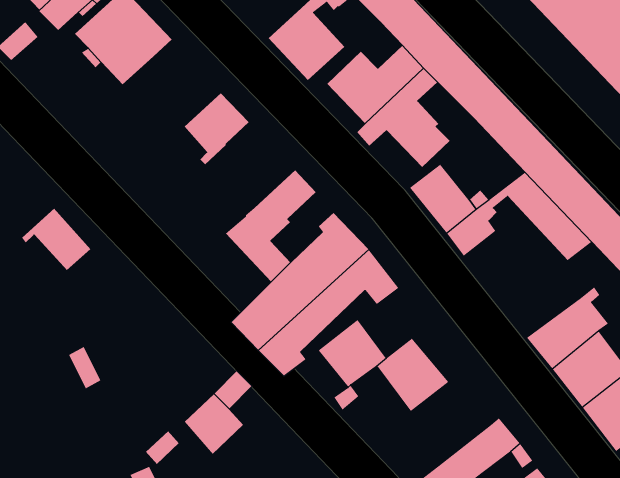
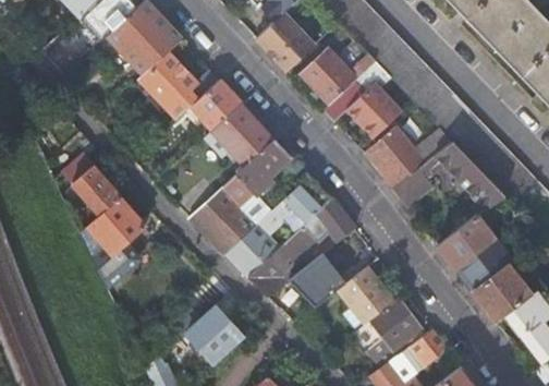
building: none -> [141,52,220,118]
building: none -> [205,102,277,174]
building: none -> [191,188,258,255]
building: none -> [89,200,146,256]
building: none -> [437,214,495,267]
building: none -> [353,298,426,365]

